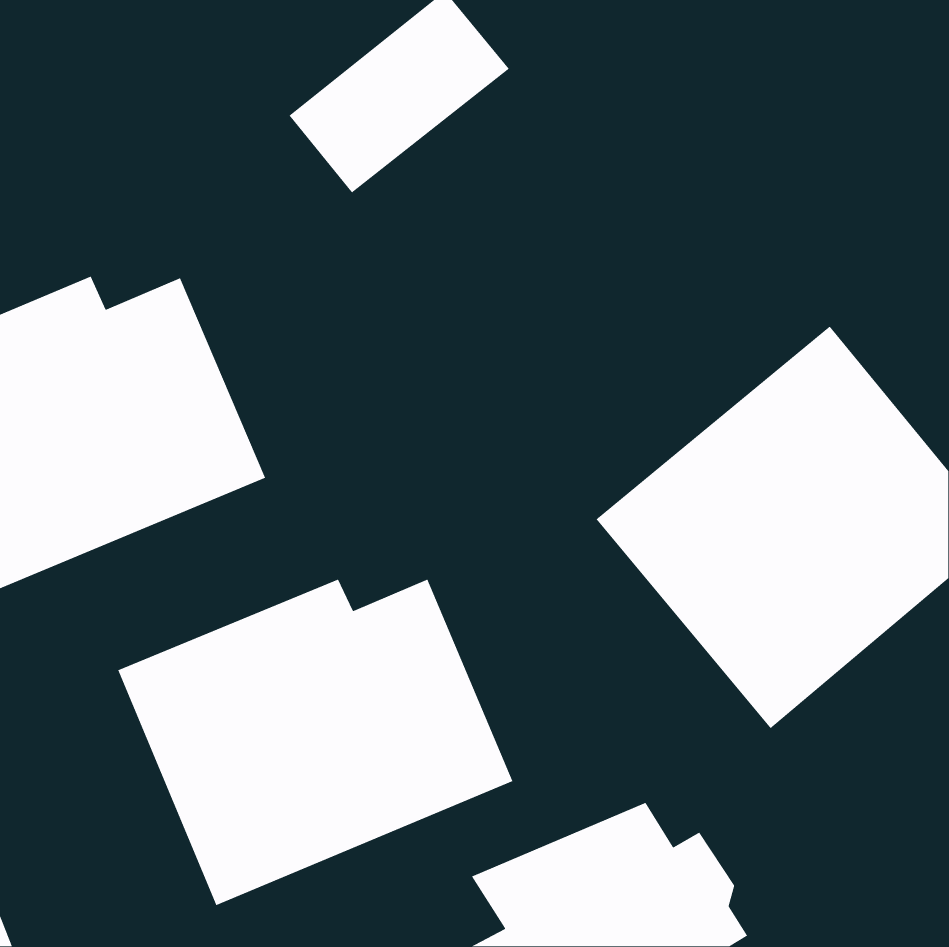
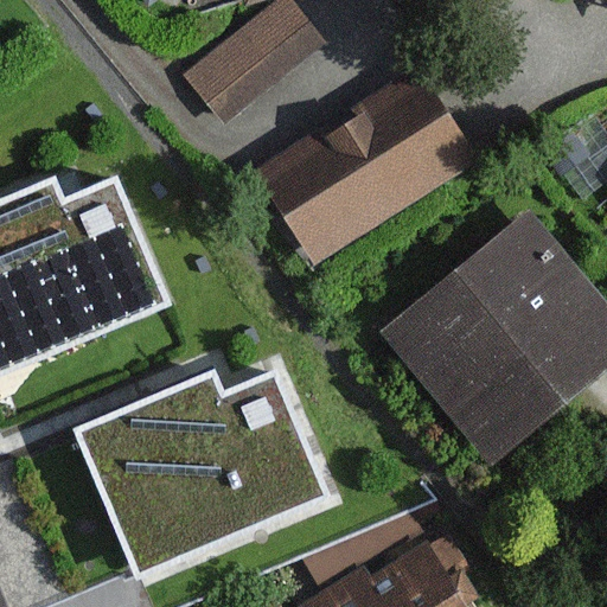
building: none -> [254,66,477,263]

